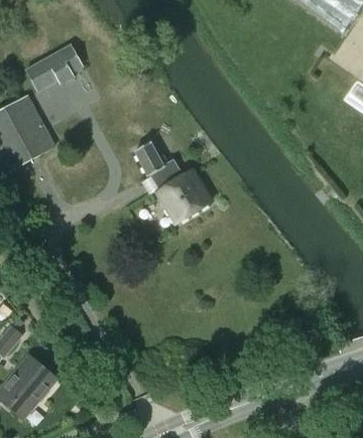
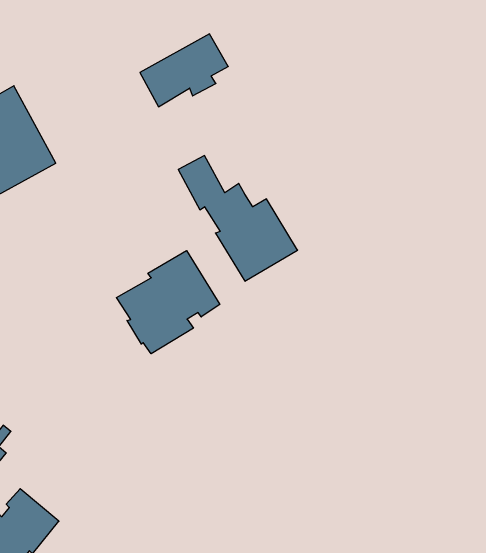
building: [26,44,84,92] -> [140,34,228,107]
building: none -> [116,251,220,354]

